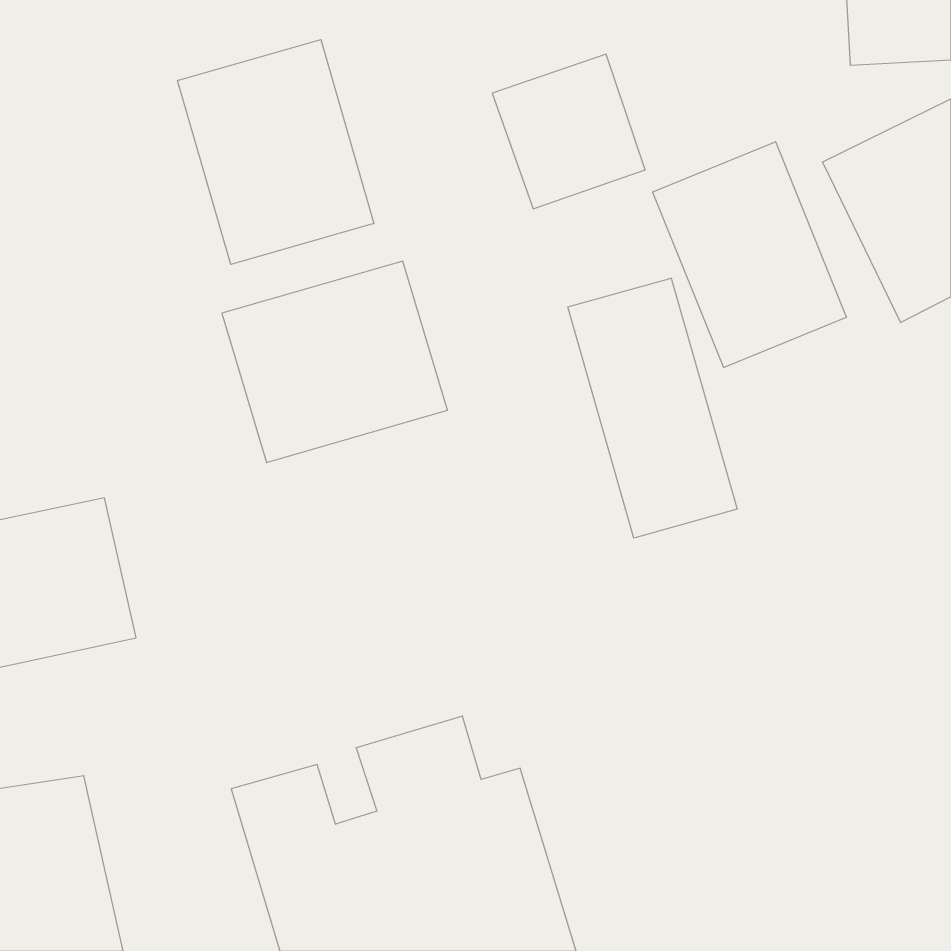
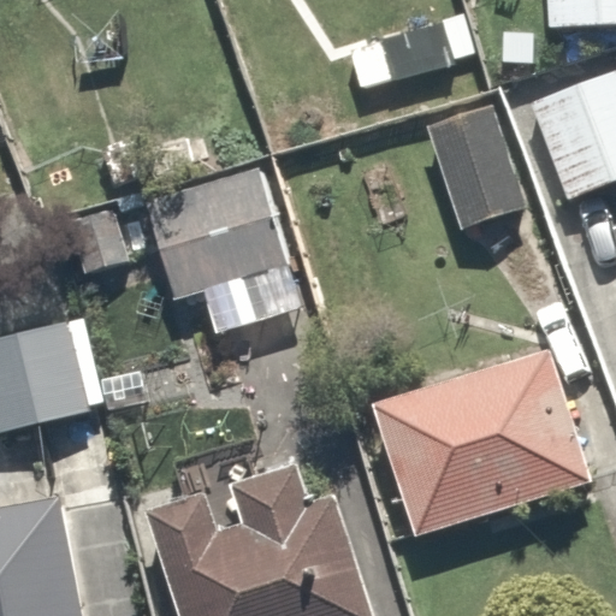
building: [178,40,374,264] -> none
building: [568,278,737,538] -> none
building: none -> [375,365,604,545]

